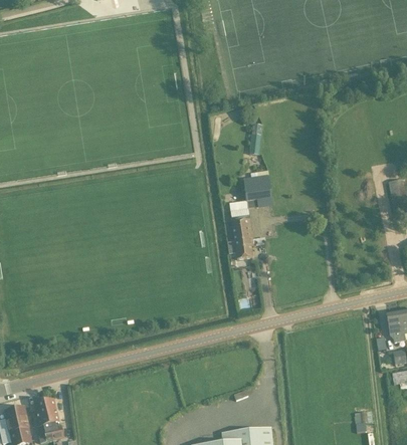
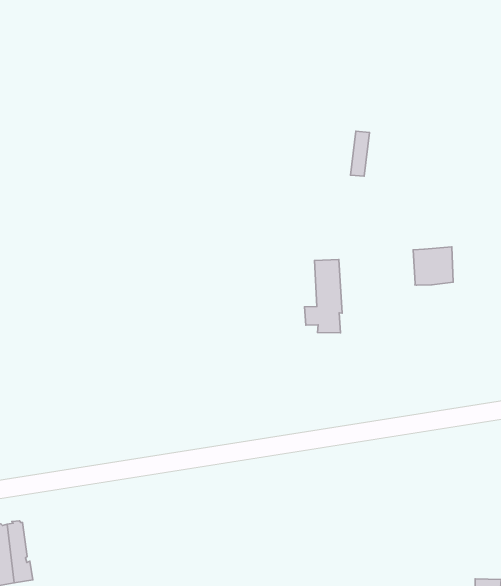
building: [244,174,272,201] -> [413,247,453,285]

